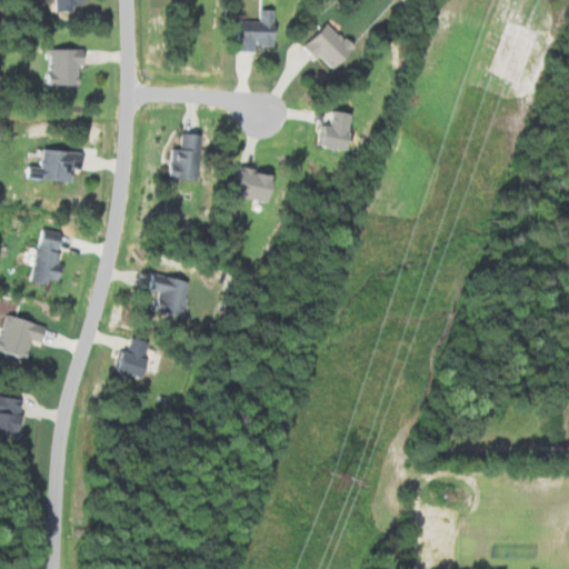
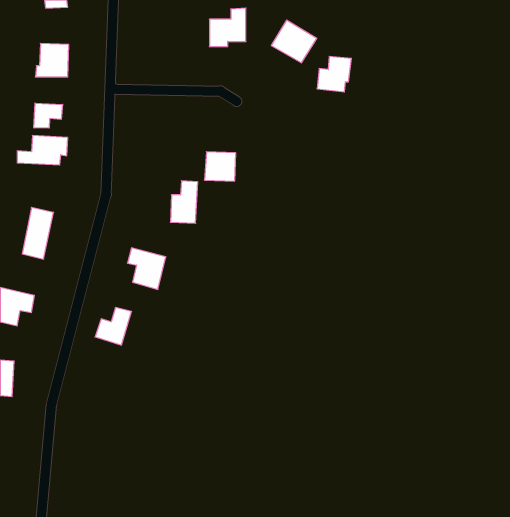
building: [317,111,355,150] -> [317,56,351,92]
building: none -> [34,103,63,128]
building: [170,133,200,180] -> [170,181,198,223]

